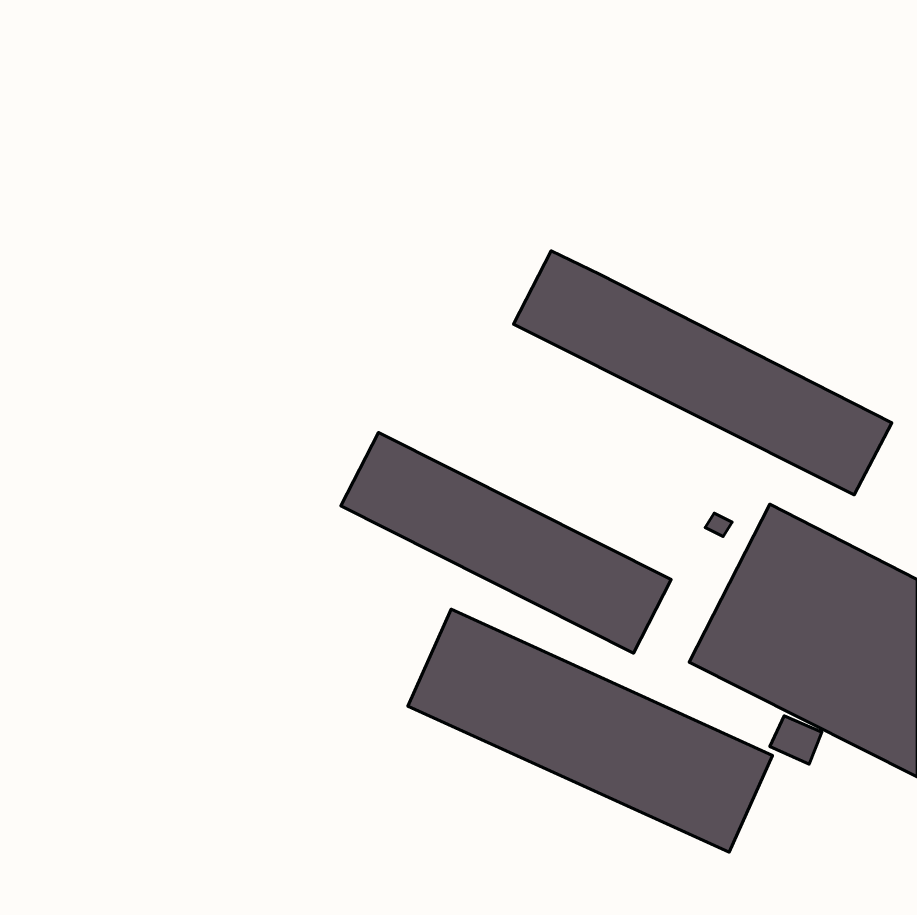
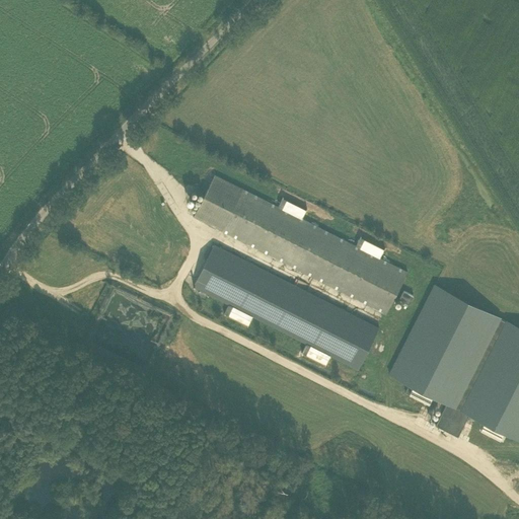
building: [513,251,892,495] -> [194,175,407,313]
building: [408,609,773,852] -> none

